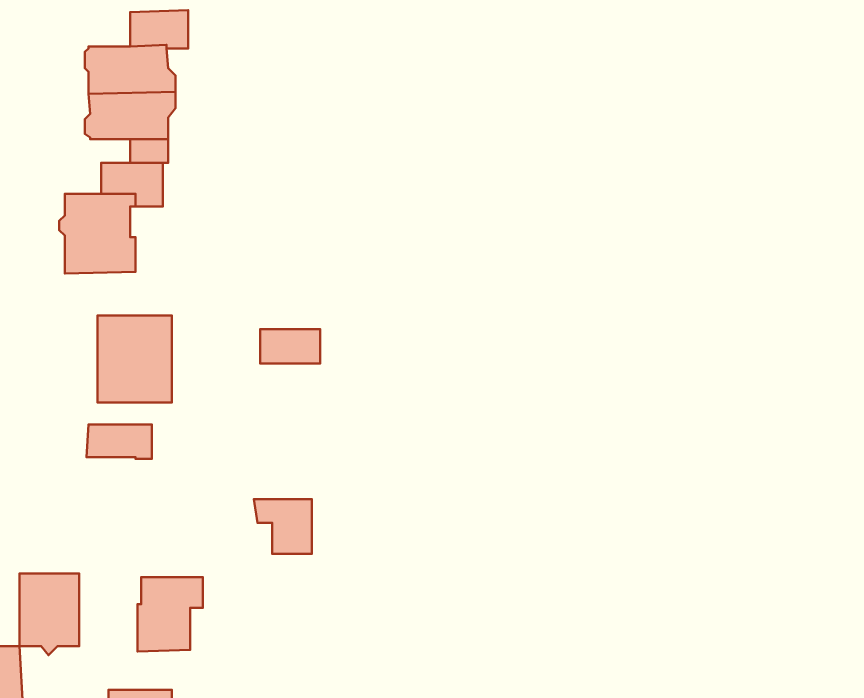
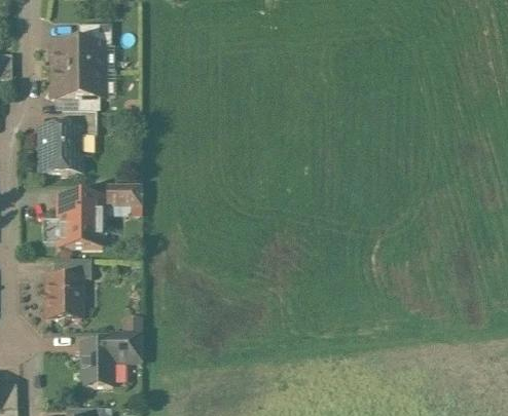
building: [260,329,320,364] -> [106,183,140,202]
building: [254,499,312,554] -> [107,330,140,361]
building: [19,573,79,655] -> [45,275,79,322]

